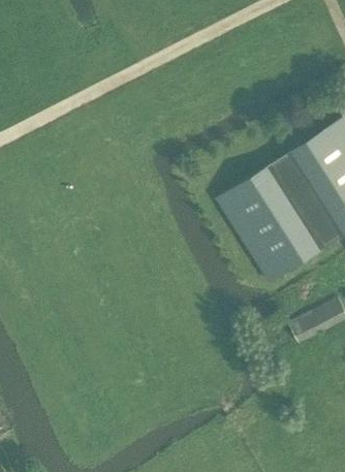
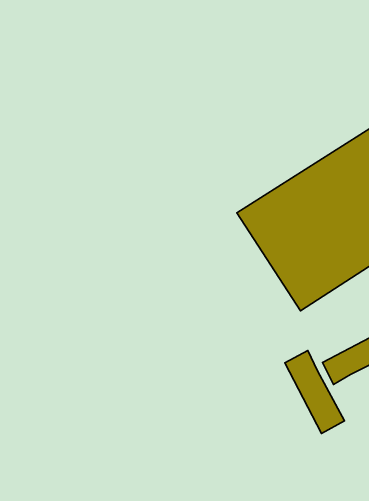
building: none -> [285,350,344,433]

